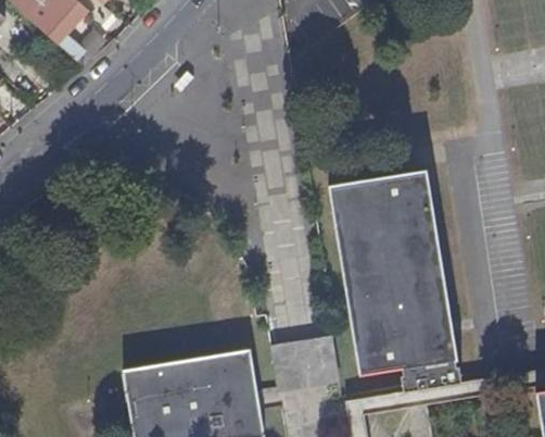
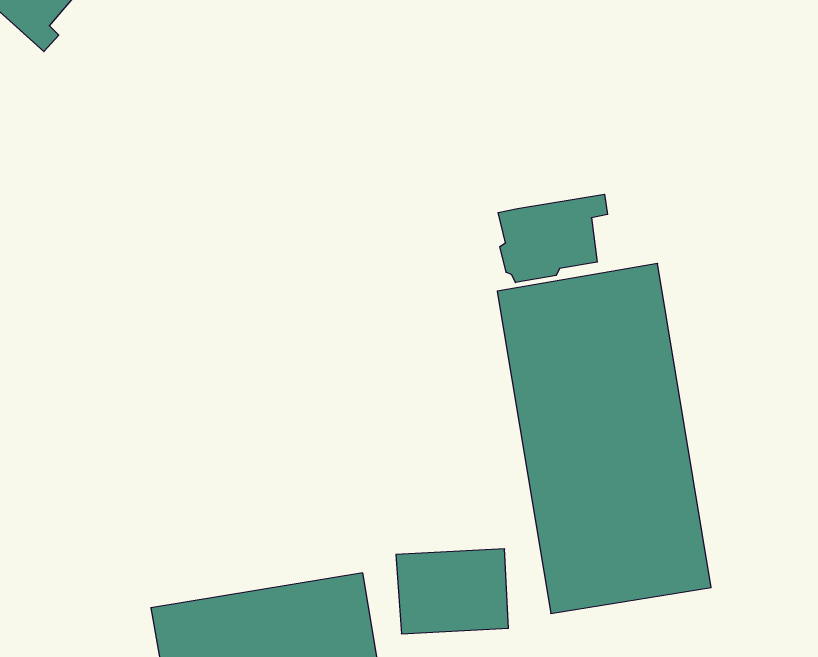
building: none -> [498,194,608,283]

